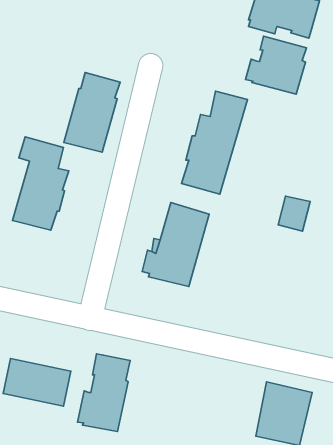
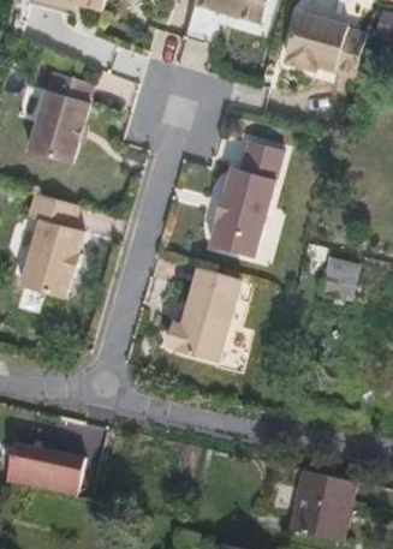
building: [245,36,306,94] -> none
building: [64,72,120,152] -> [26,71,90,161]
building: [78,354,130,431] -> none

